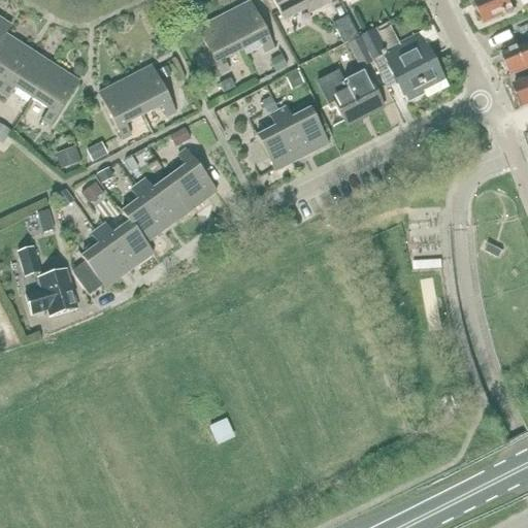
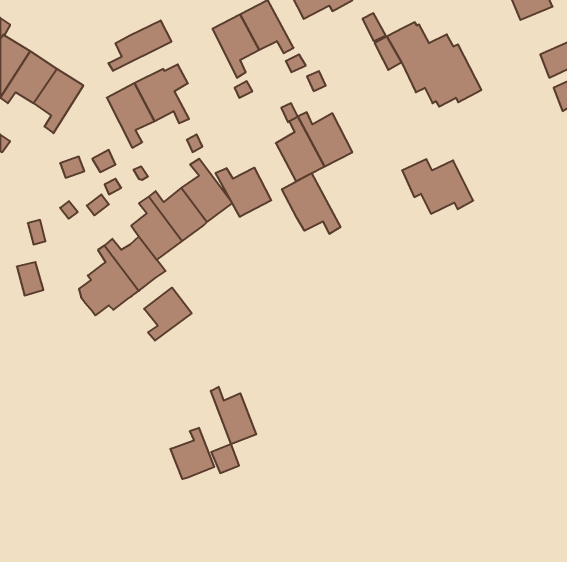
building: none -> [108,20,171,71]
building: [317,67,383,118] -> [402,159,473,214]
building: none -> [216,168,271,217]
building: none -> [282,173,340,234]
building: none -> [144,288,192,341]
building: [26,269,78,316] -> none
building: none -> [211,387,256,444]
building: none -> [170,428,214,479]

